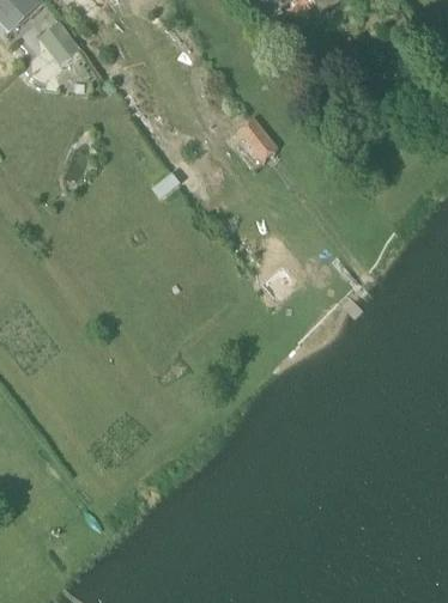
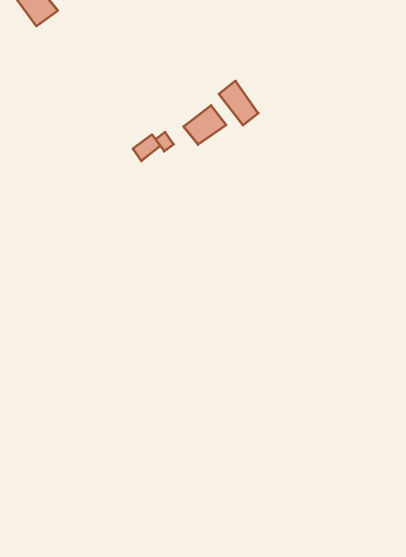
building: none -> [184,105,226,145]

